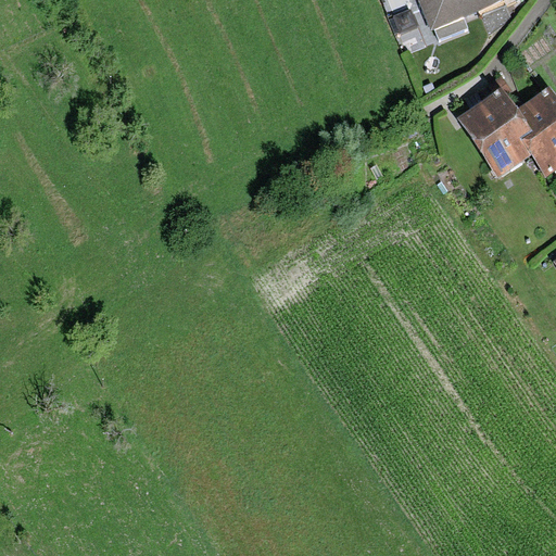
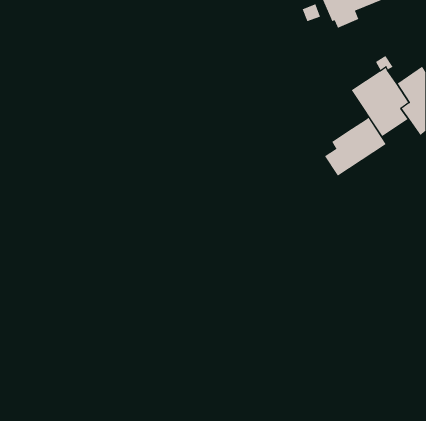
building: none -> [324,117,387,177]

